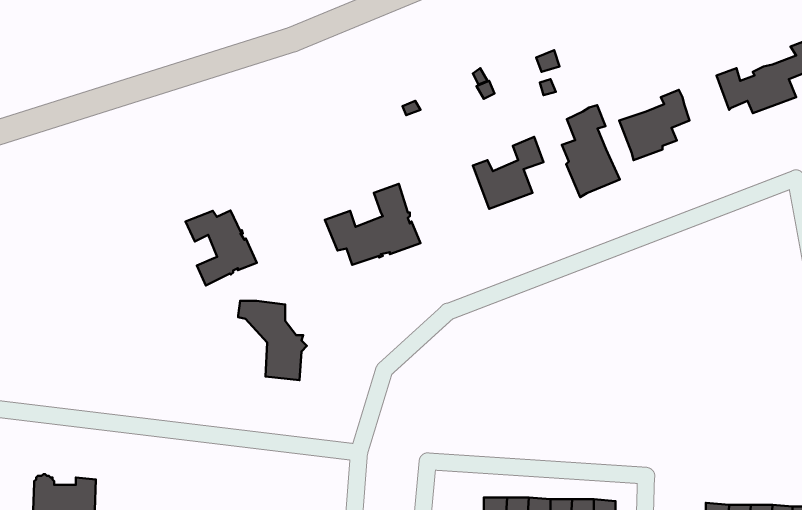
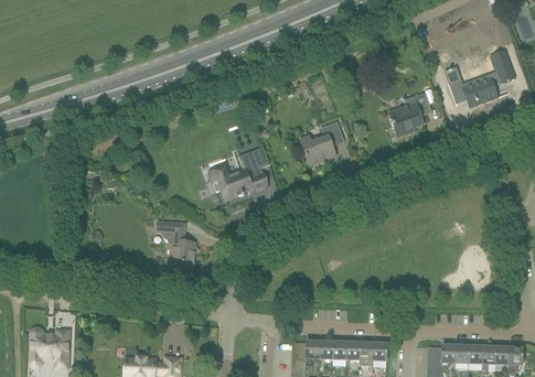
building: [562,105,620,197] -> none
building: [186,210,257,286] -> none

